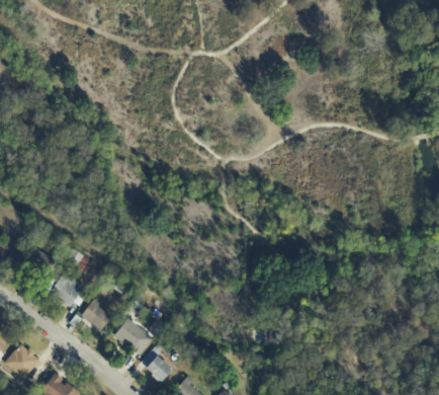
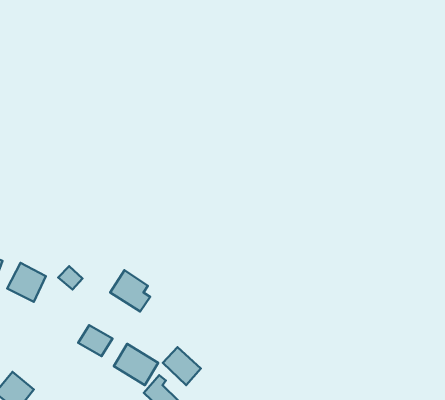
building: [50,272,86,310] -> [110,270,150,311]
building: none -> [163,347,201,385]

